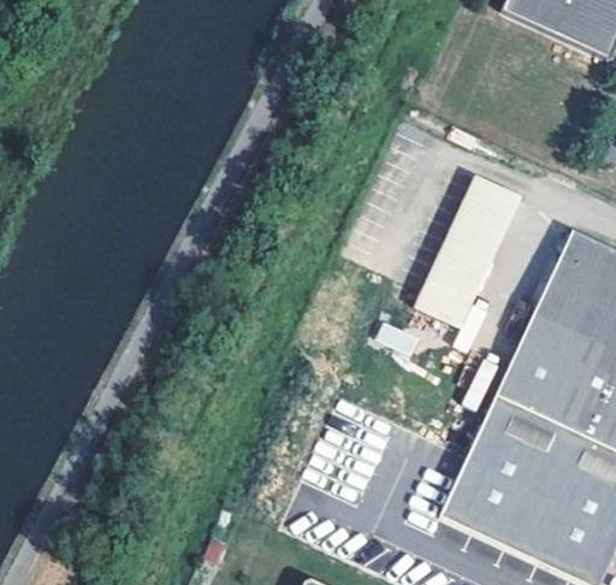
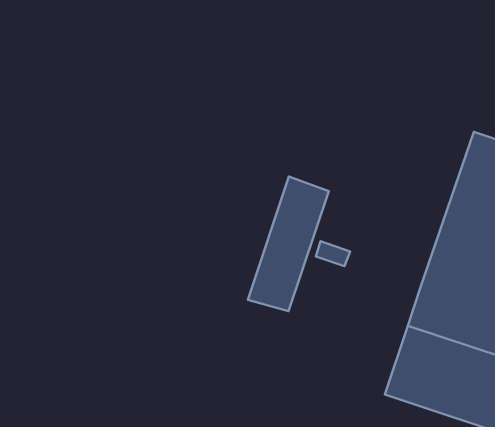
building: [415,181,521,332] -> [248,177,329,311]

